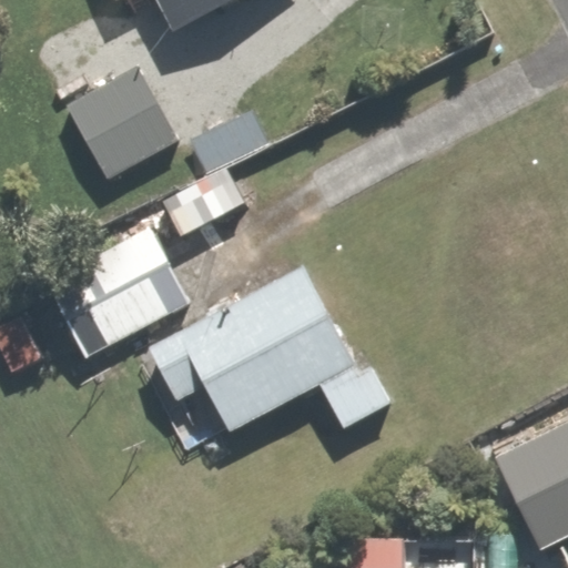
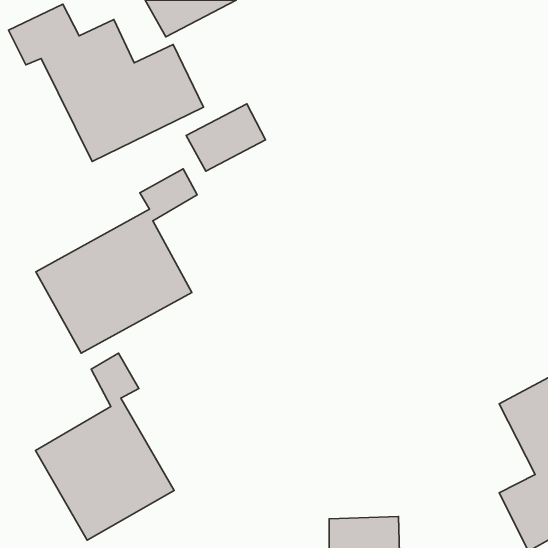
building: [149,263,406,440] -> none
building: none -> [35,353,174,540]

